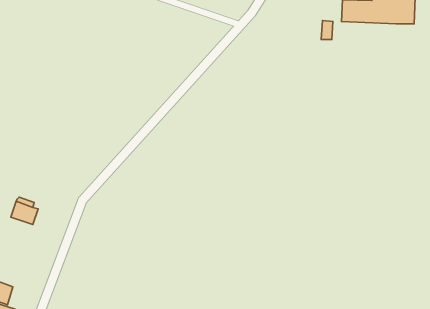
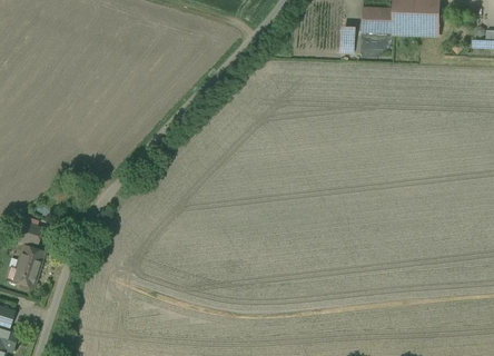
building: none -> [7,245,45,288]

